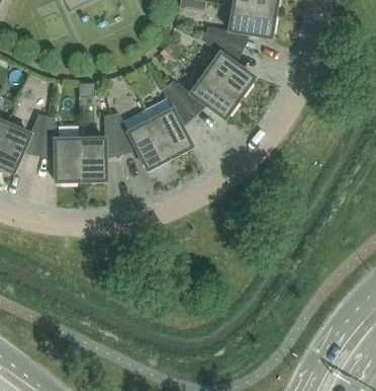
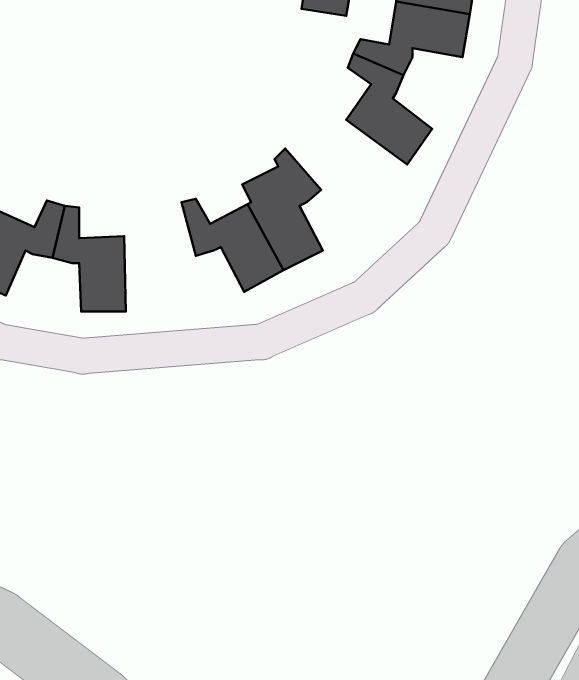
building: [171,72,240,118] -> none
building: [80,119,120,180] -> none

